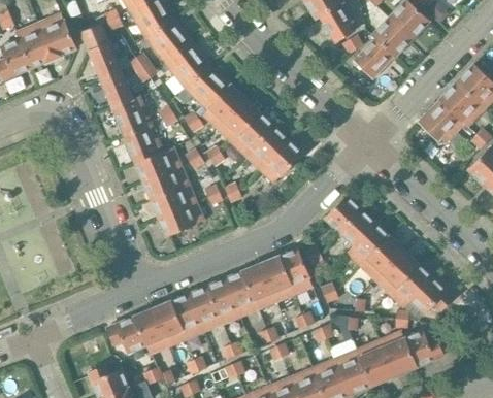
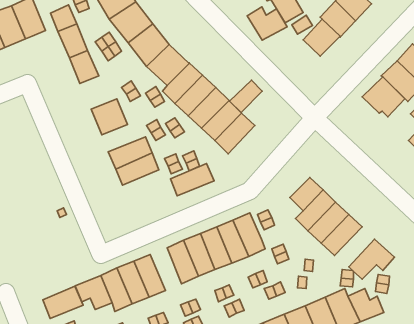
building: none -> [247,7,287,40]
building: [112,96,153,135] -> none
building: none -> [229,80,262,112]
building: [136,146,184,181] -> none
building: [326,196,362,231] -> none
building: [159,201,206,236] -> [170,164,214,196]
building: [389,263,432,307] -> none
building: [189,286,223,332] -> none
building: none -> [43,286,83,319]

